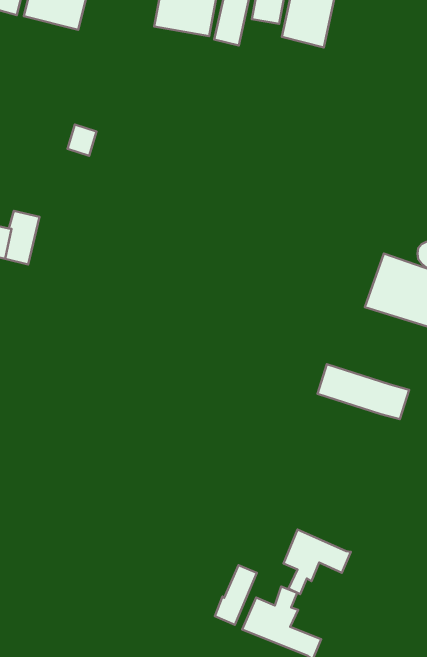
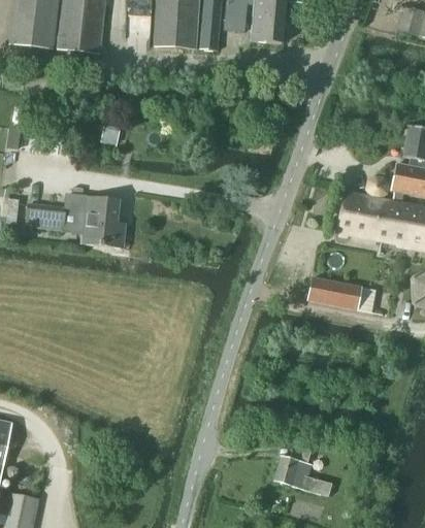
building: none -> [80,195,118,245]
building: [283,529,351,594] -> none
building: [215,565,257,625] -> none

